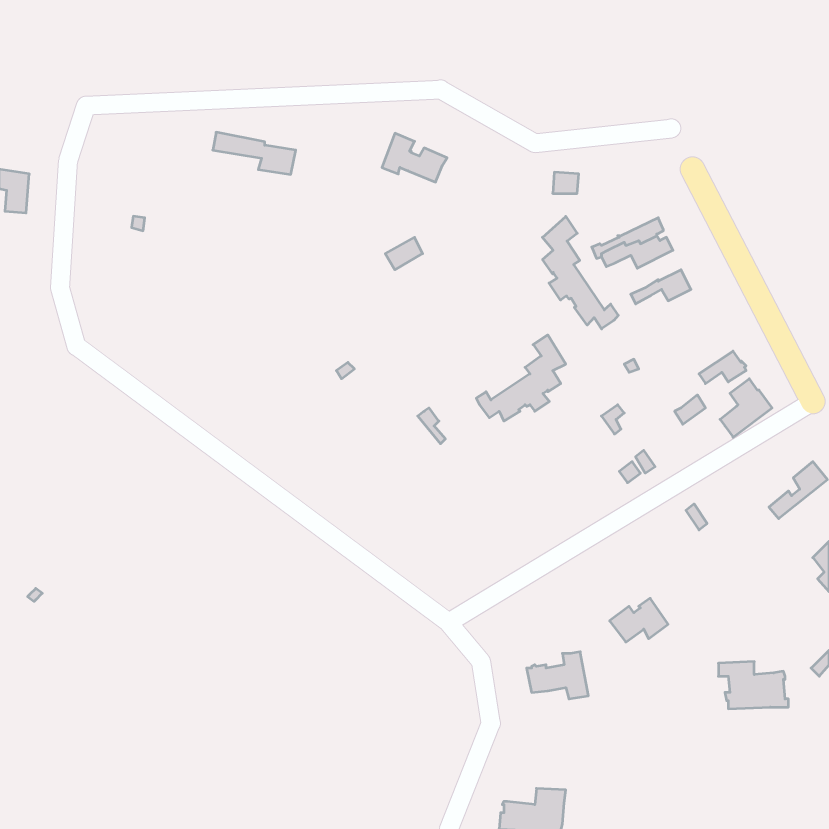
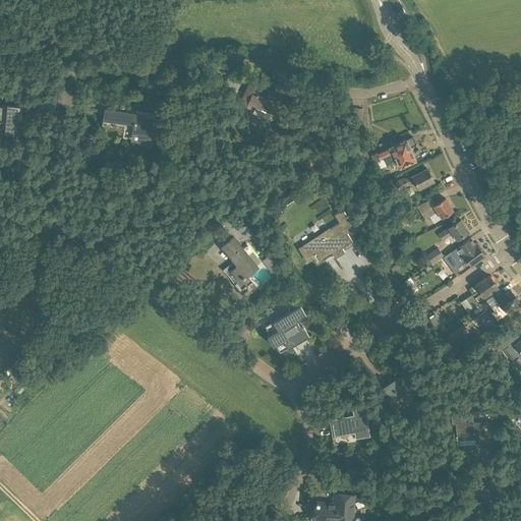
building: [213,132,296,174] -> [102,110,154,136]
building: [542,216,618,329] -> none
building: none -> [415,198,453,220]
building: none -> [222,239,256,281]
building: none -> [465,277,497,309]
building: none -> [264,306,307,352]

